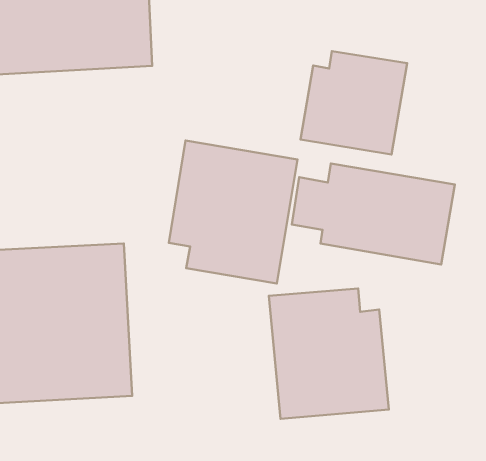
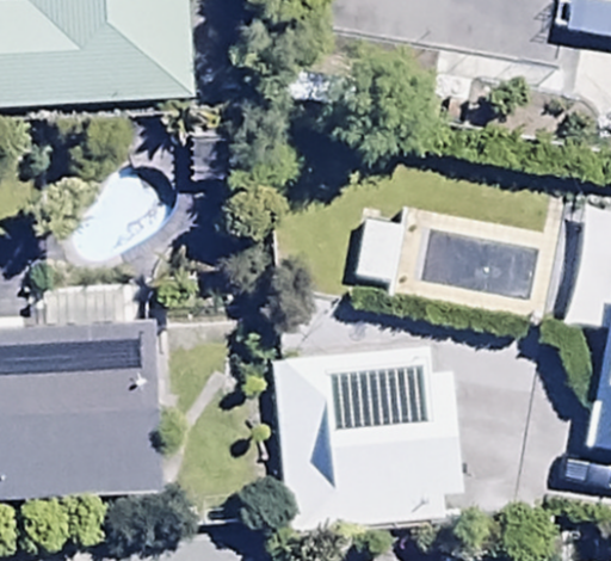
building: [300,51,407,155] -> none
building: [169,141,298,284] -> none

